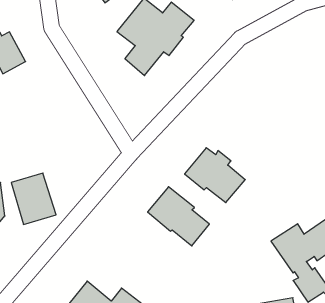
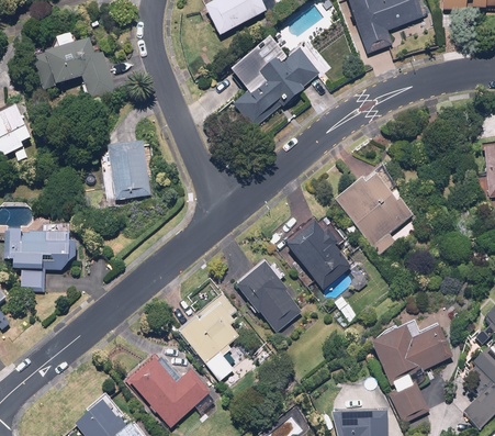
building: none -> [333,172,412,253]
building: [11,173,56,224] -> [106,144,153,200]
building: none -> [177,291,237,380]

